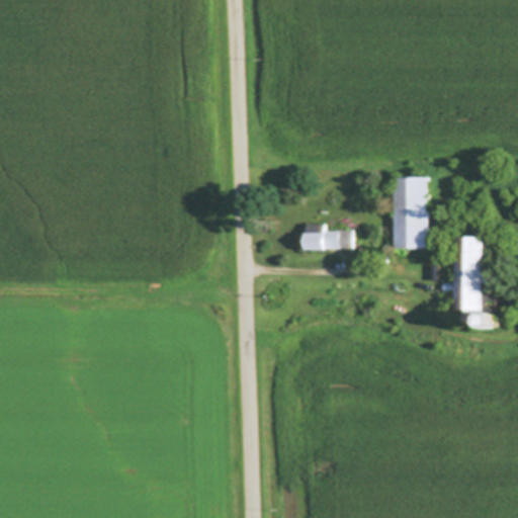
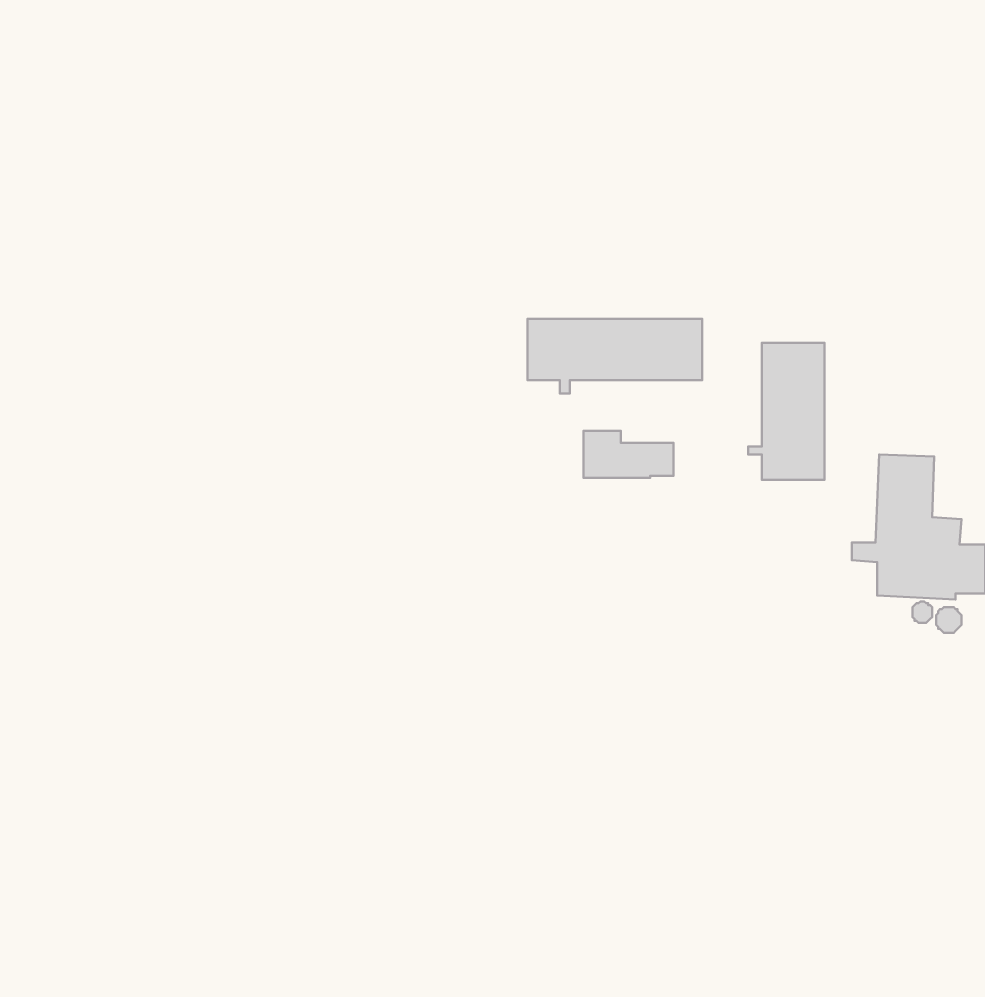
building: none -> [527,319,702,393]

